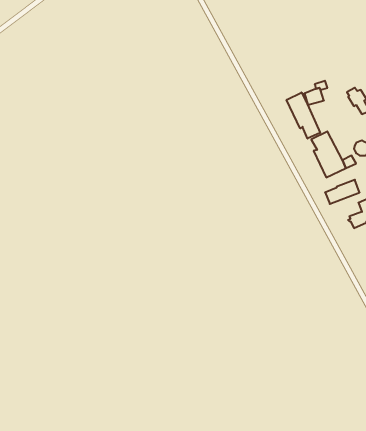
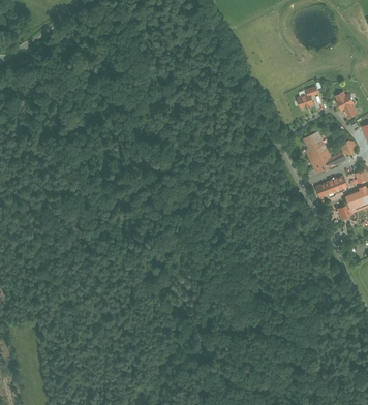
building: [287,92,320,139] -> none

